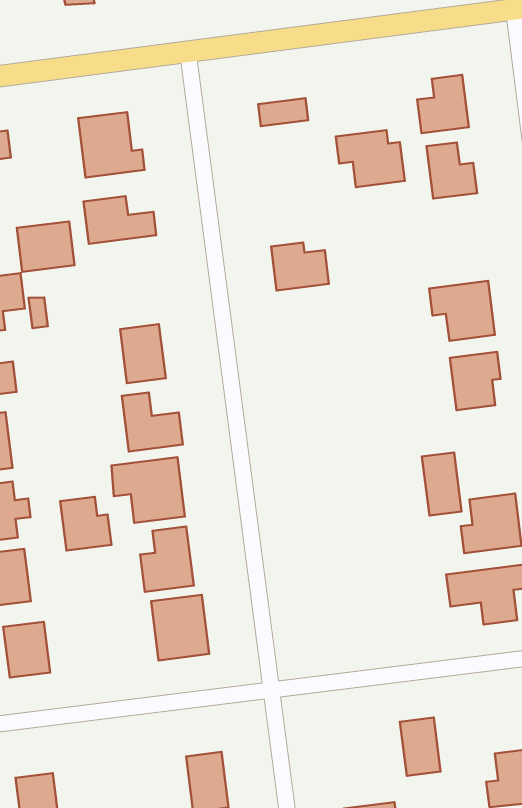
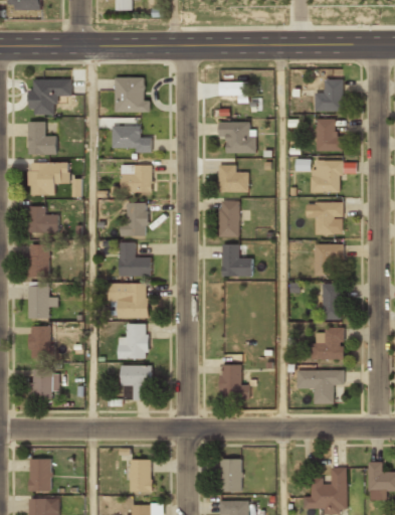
building: [336,130,405,187] -> [219,122,256,153]
building: none -> [312,160,343,192]
building: [17,221,75,272] -> [122,166,153,192]
building: none -> [219,200,240,235]
building: none -> [222,242,252,275]
building: [422,452,462,516] -> [323,285,342,320]
building: [60,497,111,550] -> none
building: none -> [220,364,249,397]
building: [400,717,441,776] -> [221,459,241,491]

